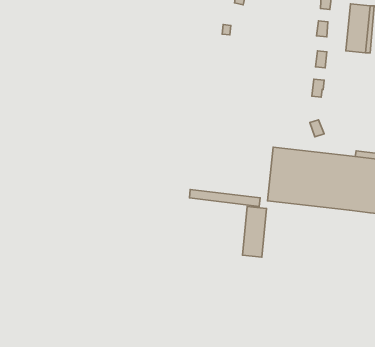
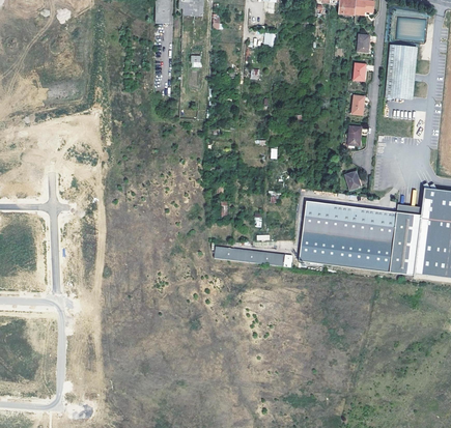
building: [242,206,267,257] -> none

